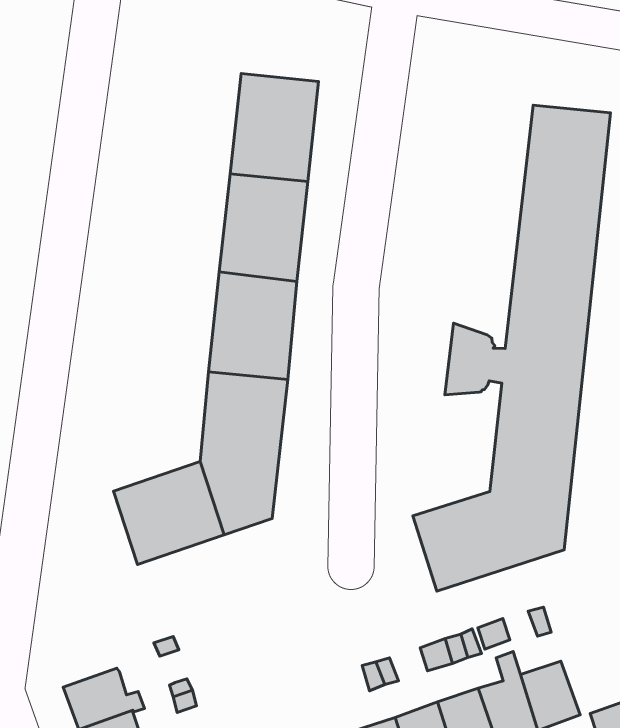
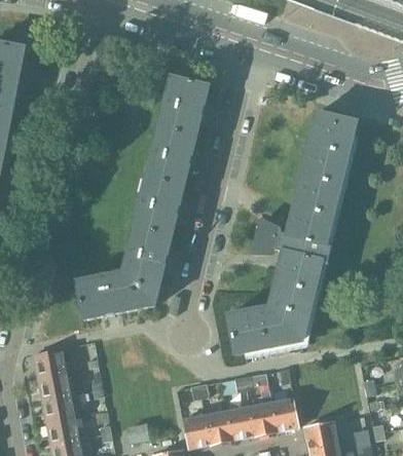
building: none -> [33,348,73,377]

